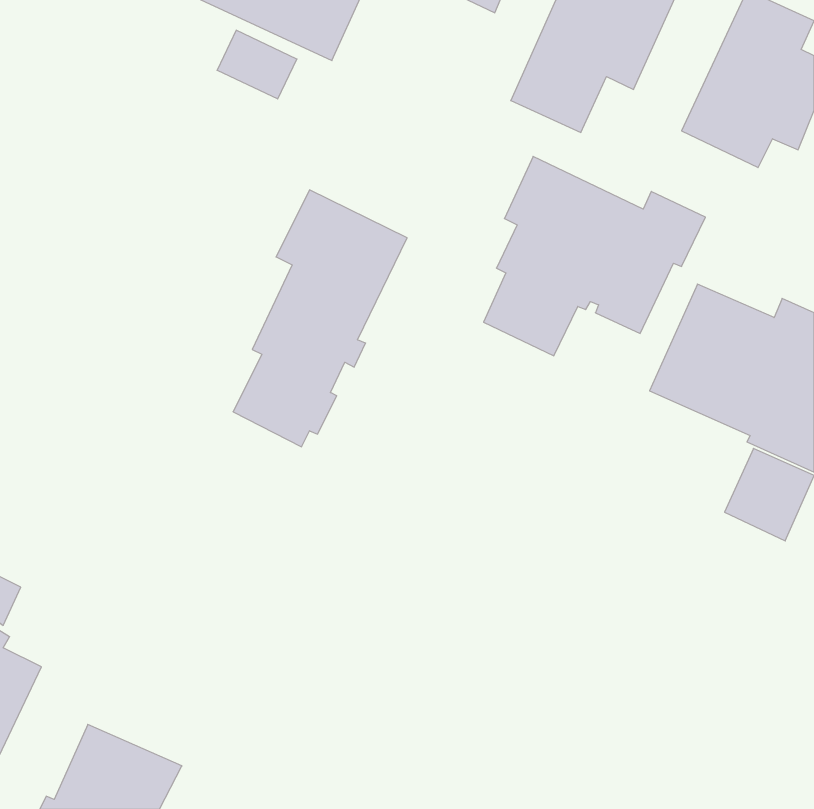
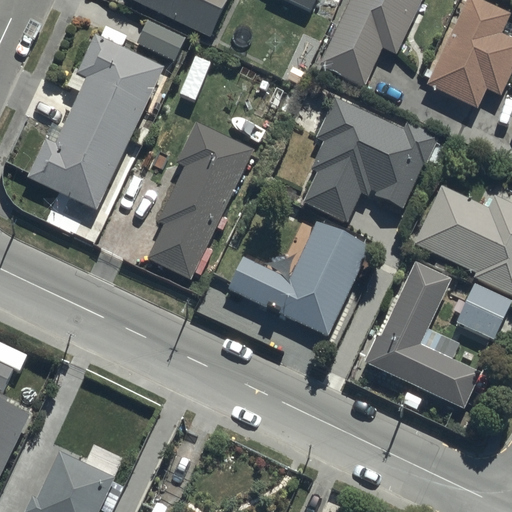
building: none -> [26,25,167,222]
building: none -> [227,223,369,335]
building: none -> [363,262,481,408]

